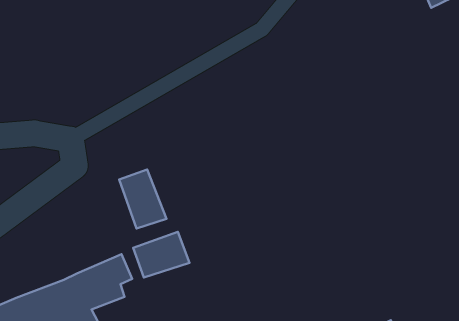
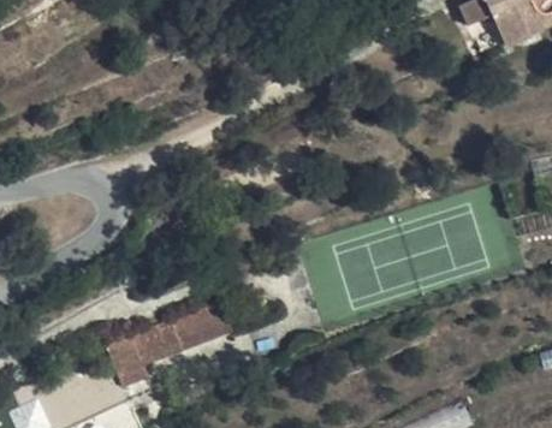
building: [119,169,166,229] -> none

